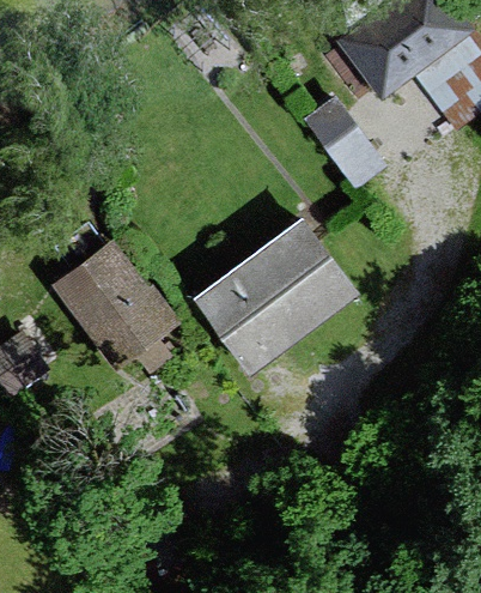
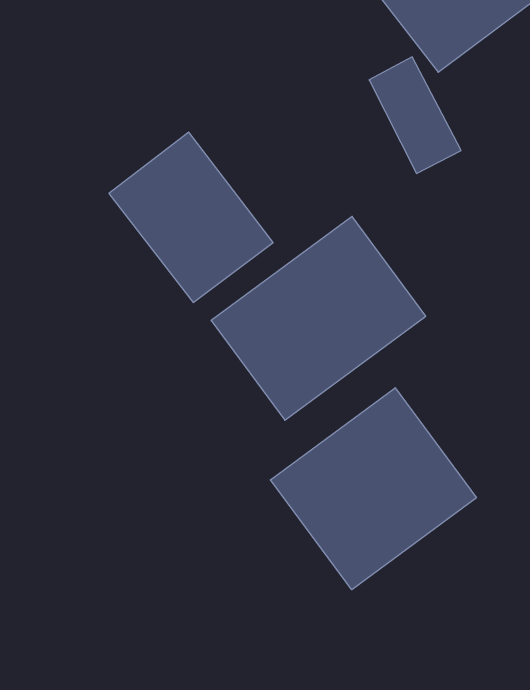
building: [51,240,179,373] -> [109,132,273,302]
building: none -> [270,388,476,590]

